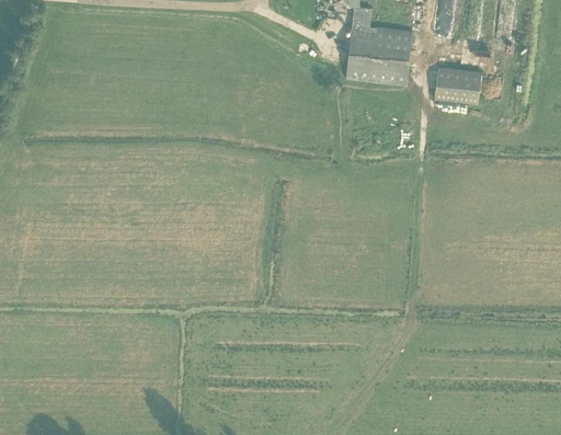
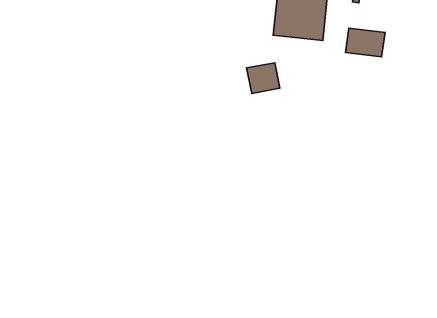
building: none -> [246,63,280,94]

